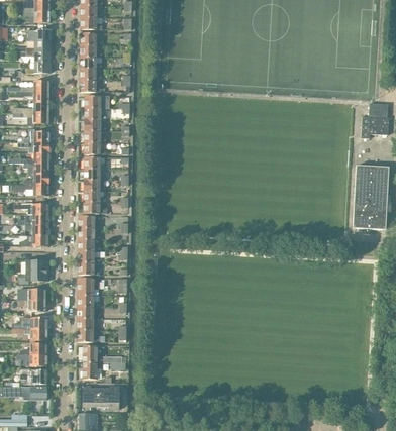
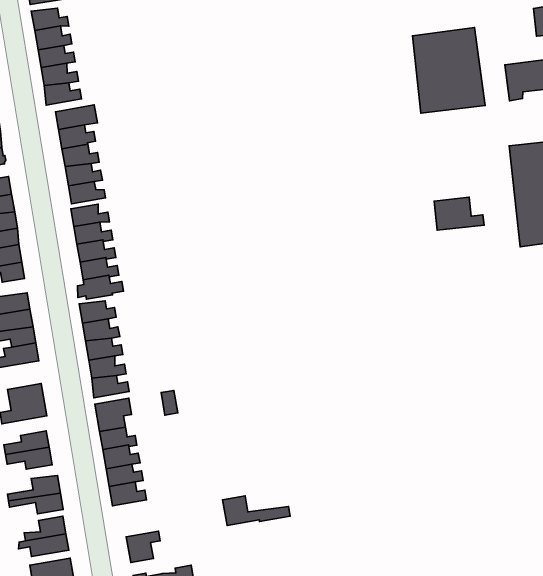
building: none -> [412,27,485,113]
building: none -> [434,197,484,230]
building: [82,346,121,363] -> [222,496,290,526]

